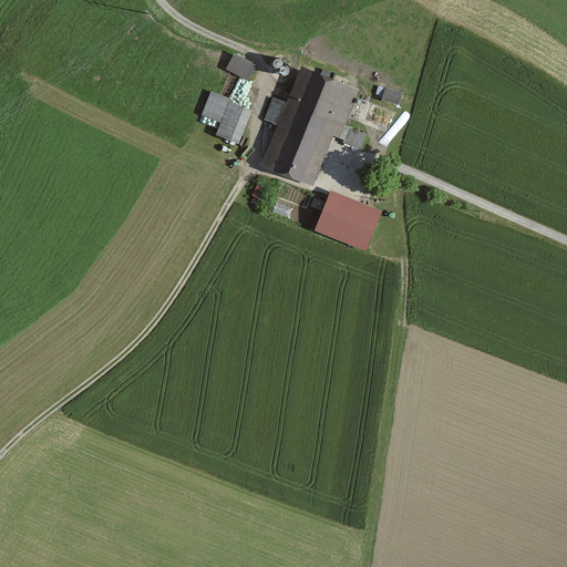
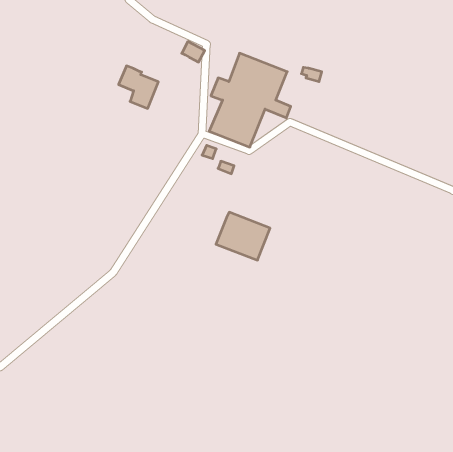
building: [202,89,251,142] -> [119,66,158,108]
building: [313,190,381,250] -> [216,212,270,260]

